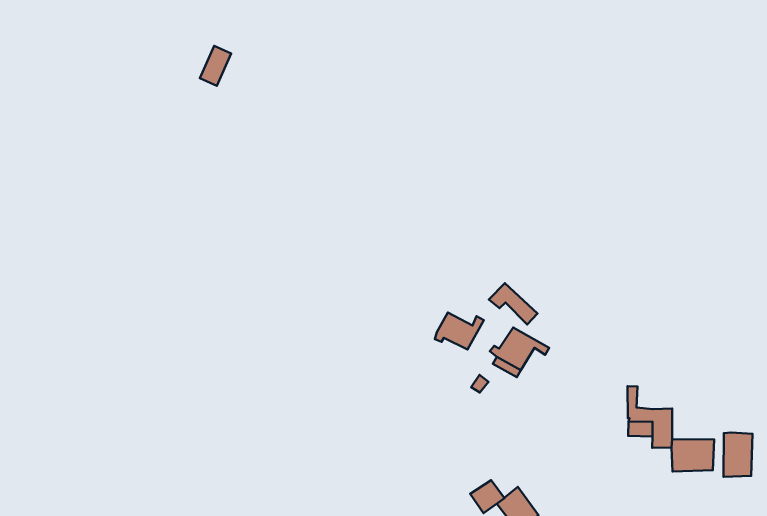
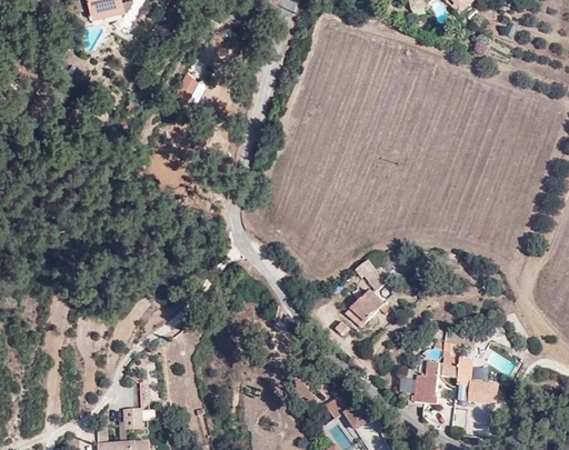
building: [435,313,484,349] -> none
building: none -> [411,360,437,404]
building: [724,433,753,477] -> none

